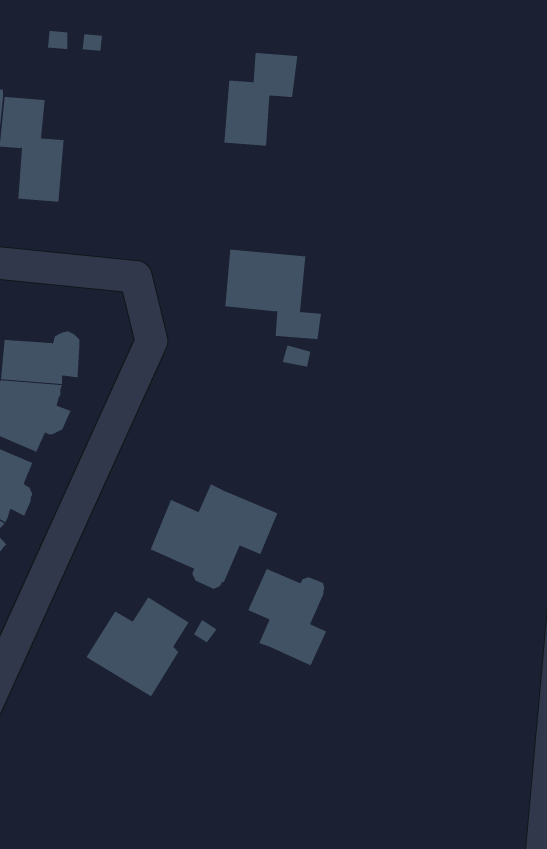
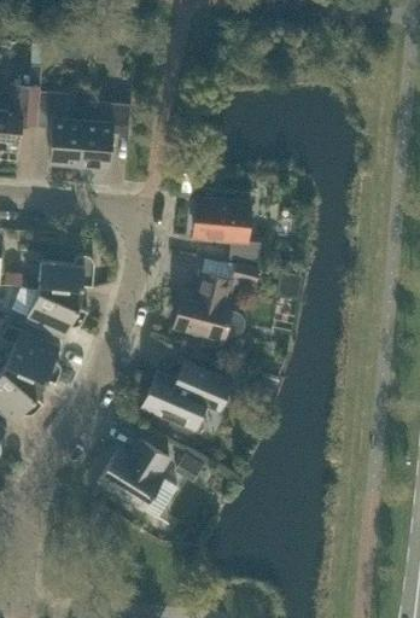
building: [223,52,298,146] -> [78,103,130,168]
building: none -> [173,272,245,339]
building: [247,568,327,666] -> none

